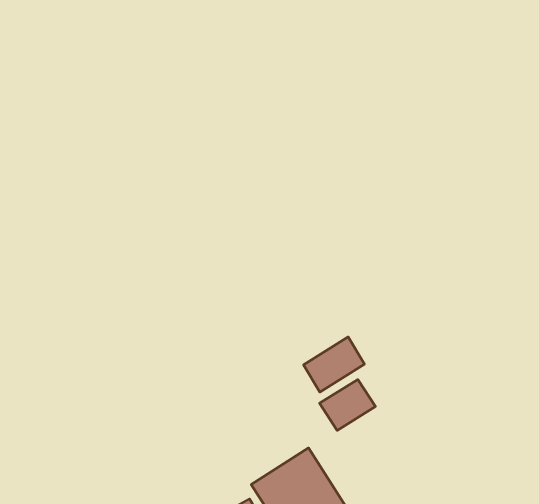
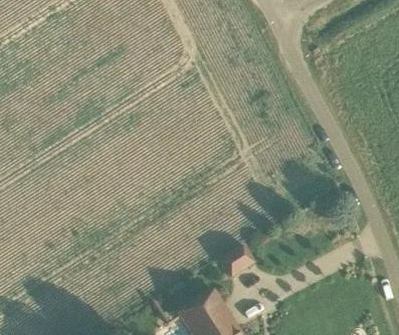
building: [304,337,364,392] -> none

